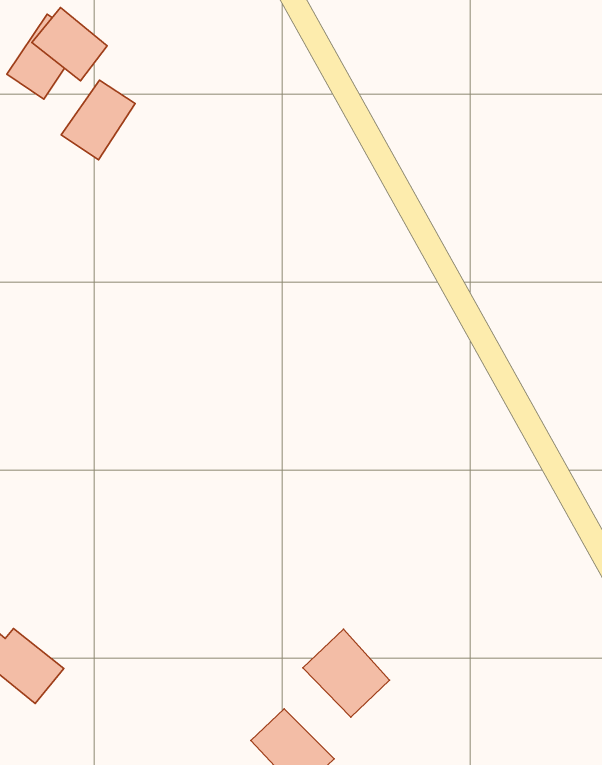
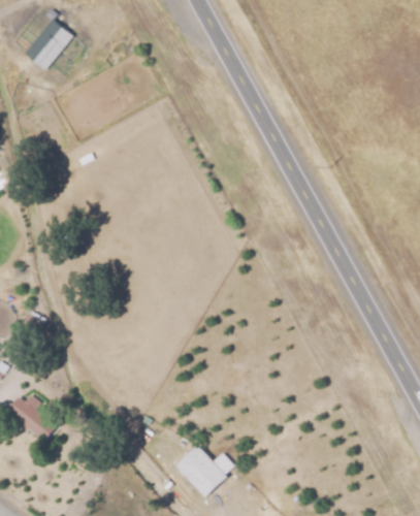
building: [61,80,135,160] -> none
building: [303,629,390,717] -> none

